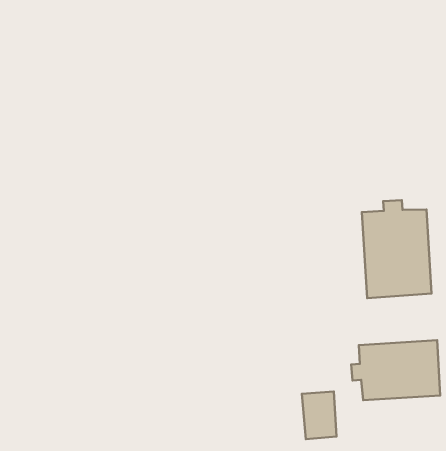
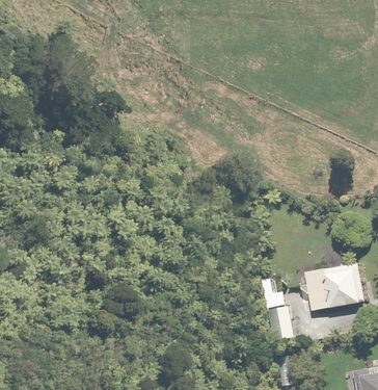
building: [362,200,431,298] -> none

